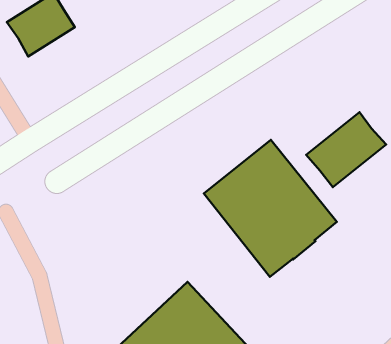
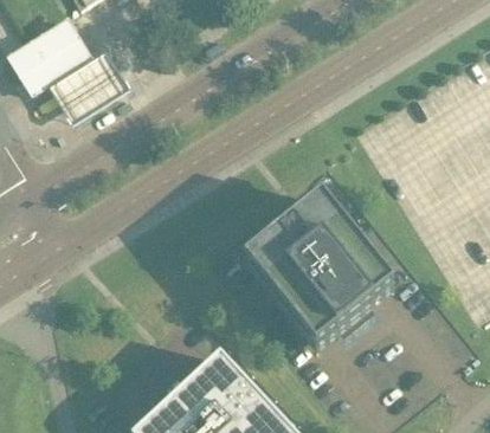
building: none -> [50,52,131,125]
building: [306,112,386,187] -> none

